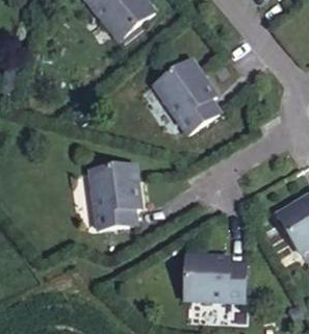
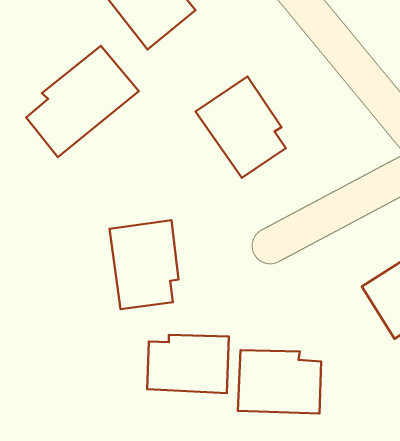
building: none -> [26,46,139,157]
building: none -> [147,335,229,393]

